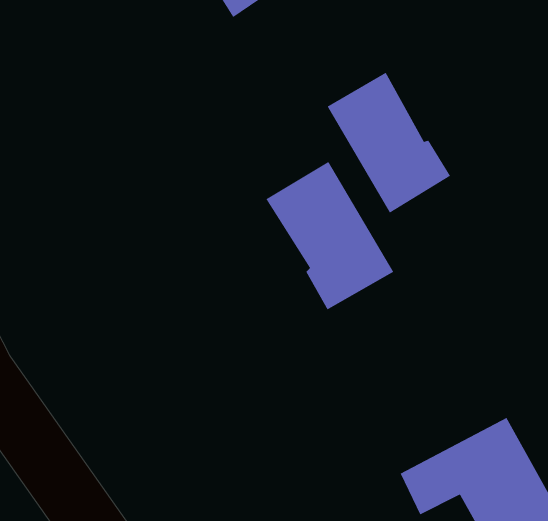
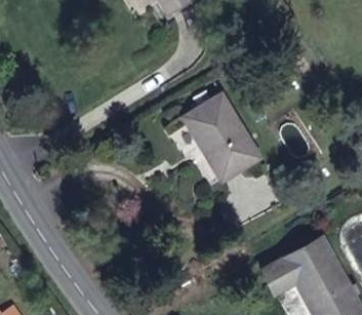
building: [327,72,451,213] -> none

